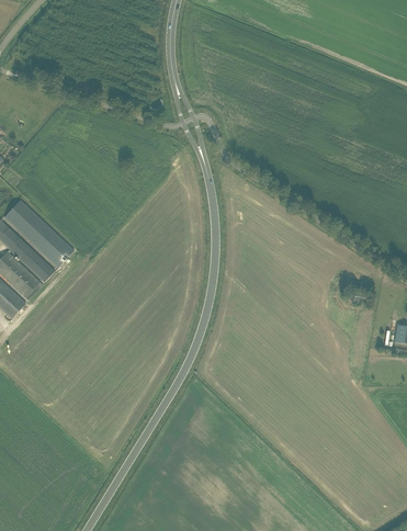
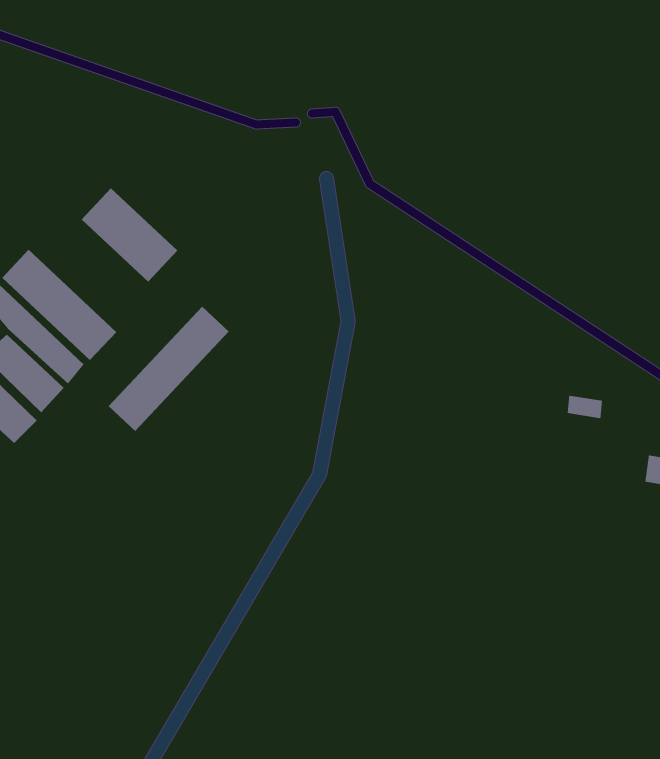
building: none -> [81,187,178,283]
building: none -> [108,306,229,432]

